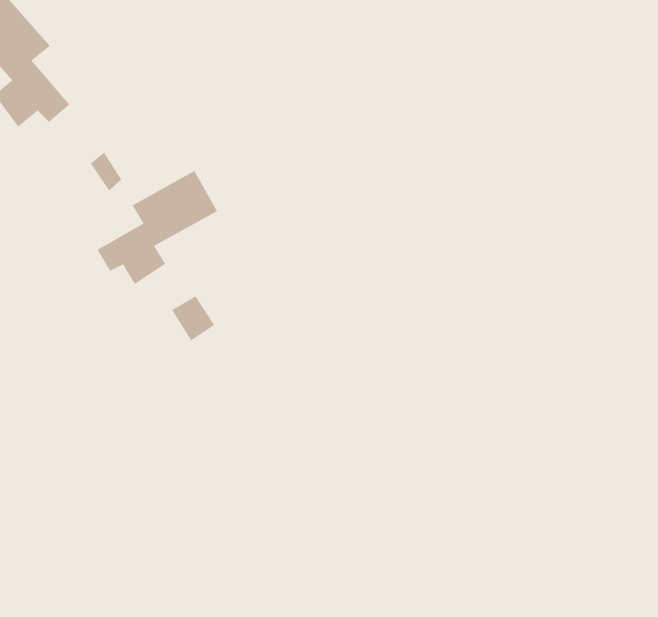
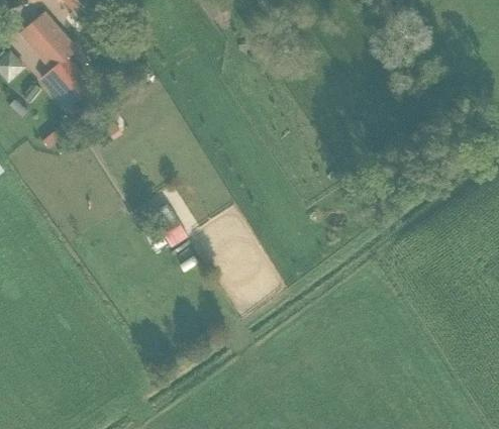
building: [97,170,218,285] -> none

